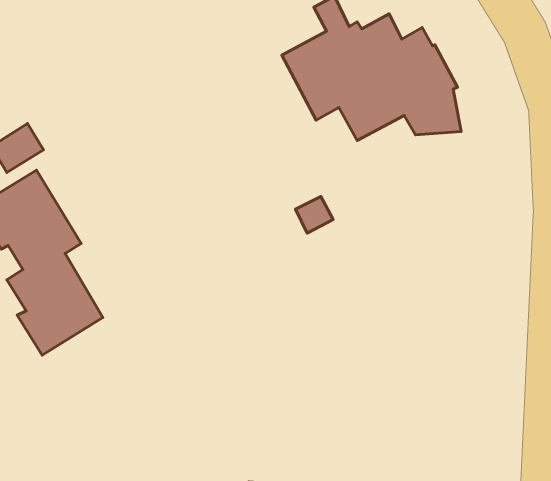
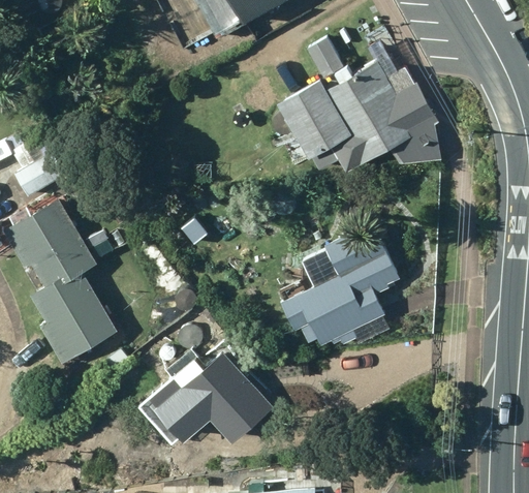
building: none -> [281,259,426,348]
building: none -> [139,346,274,444]

